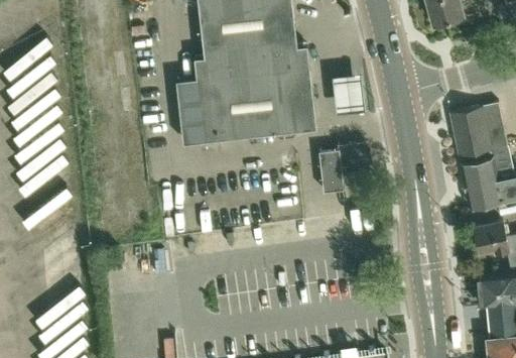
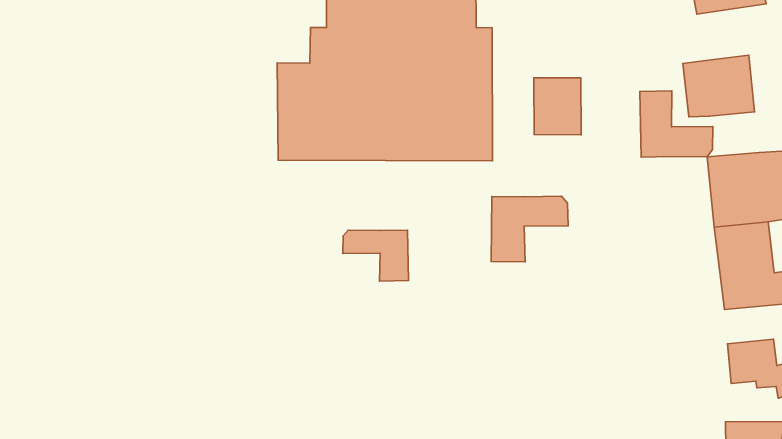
building: none -> [683,55,754,117]
building: none -> [640,91,713,157]
building: none -> [343,230,409,281]

